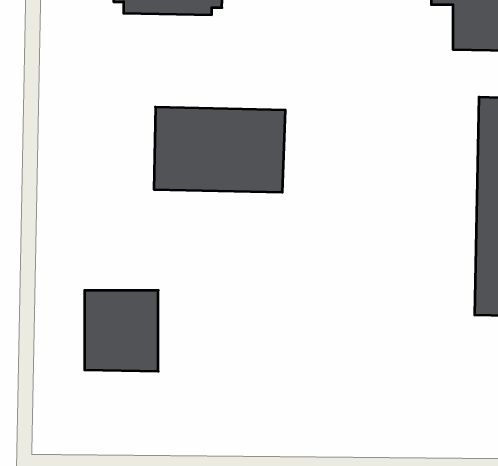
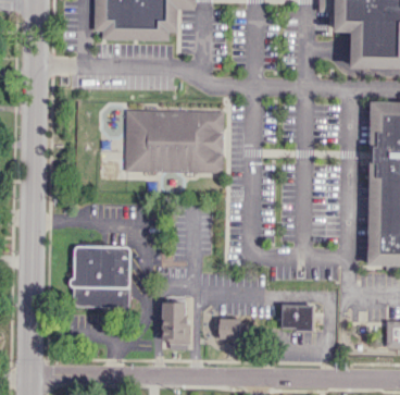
building: none -> [161,303,186,344]
building: none -> [279,306,313,330]
building: none -> [216,318,242,340]

